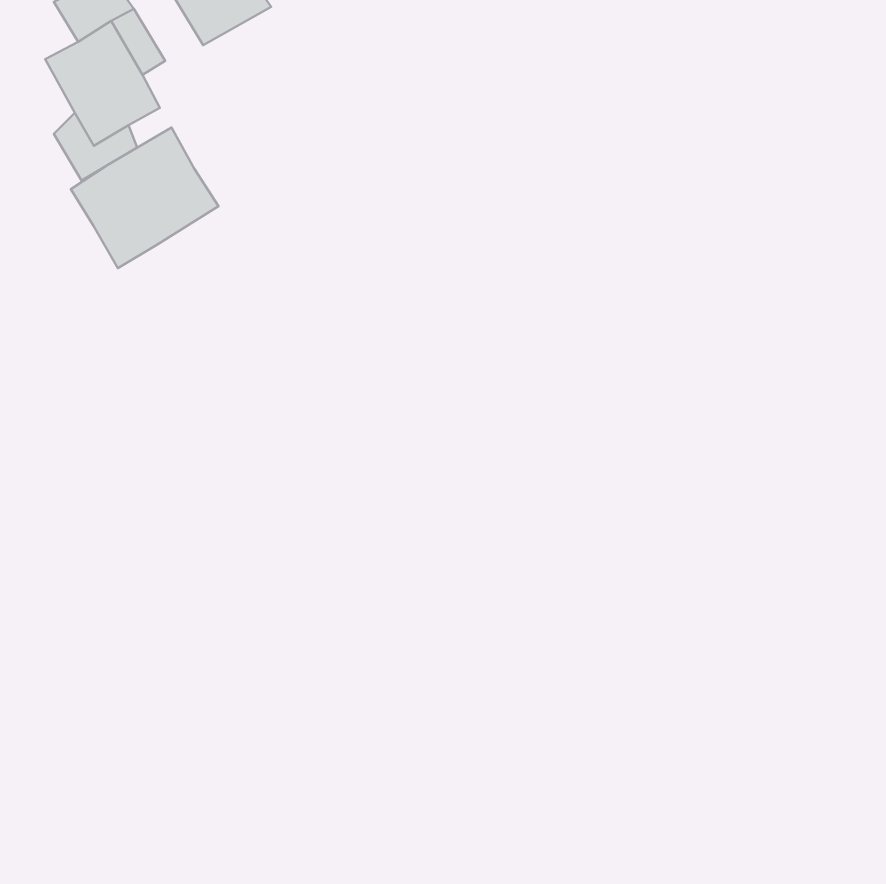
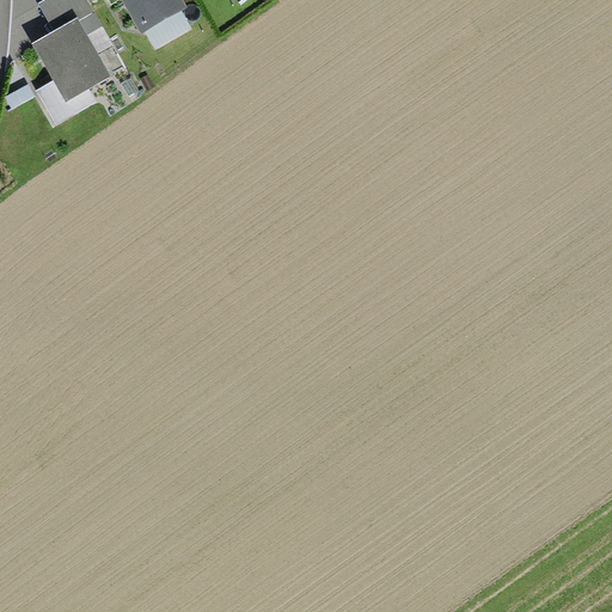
building: [71,127,218,268] -> none

